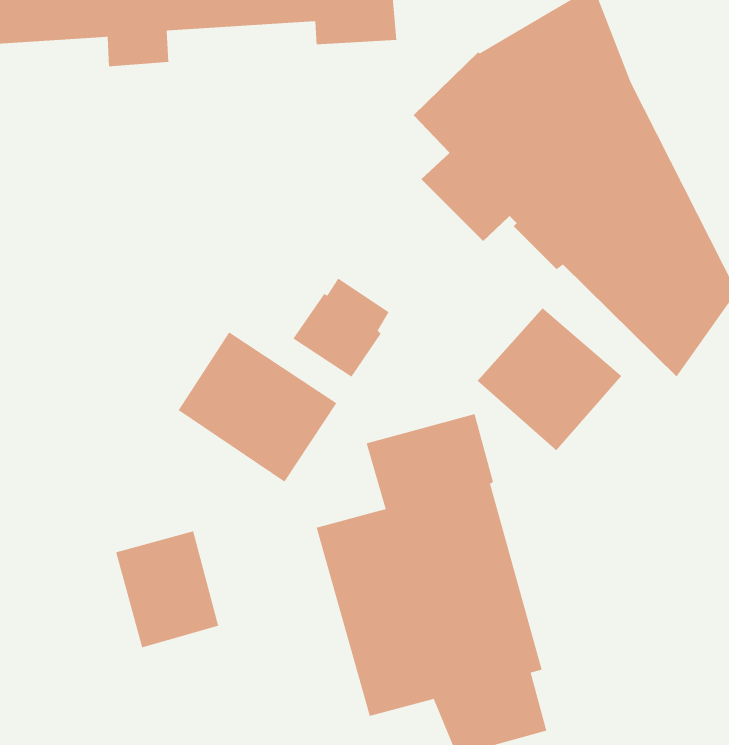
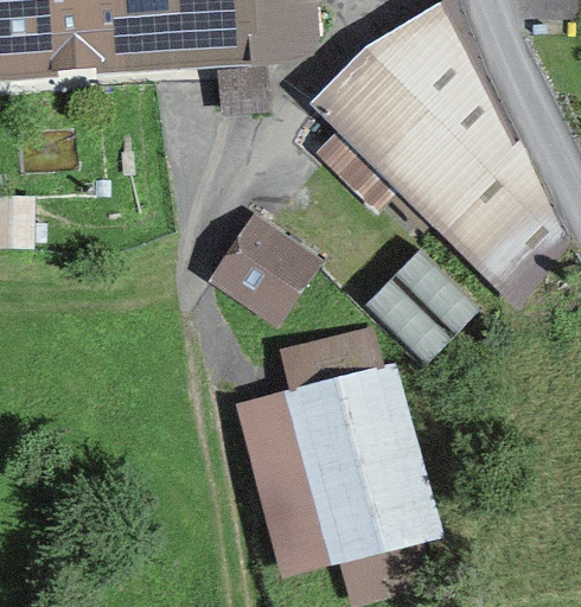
building: [178,331,337,482] -> none
building: [115,531,219,648] -> none

